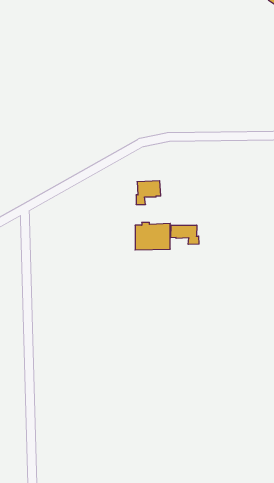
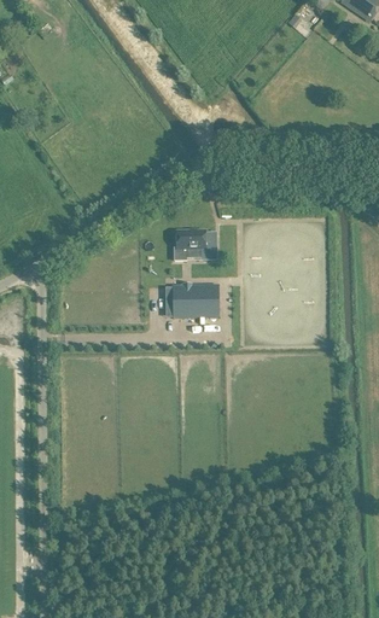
building: [171,225,199,244] -> none

